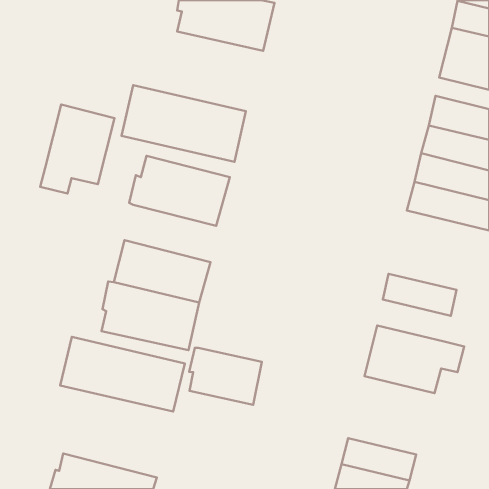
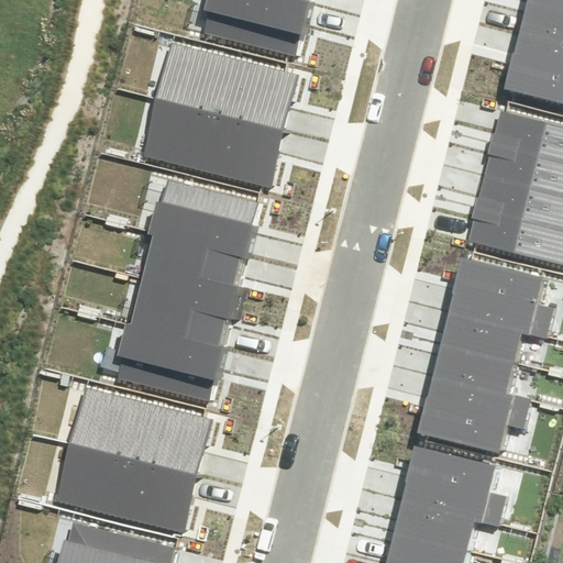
building: none -> [153,42,296,128]
building: [40,105,114,193] -> none
building: none -> [143,235,249,301]
building: none -> [446,257,555,338]
building: none -> [433,344,518,393]
building: [189,348,262,405] -> none
building: none -> [56,443,199,532]
building: none -> [400,446,508,527]

